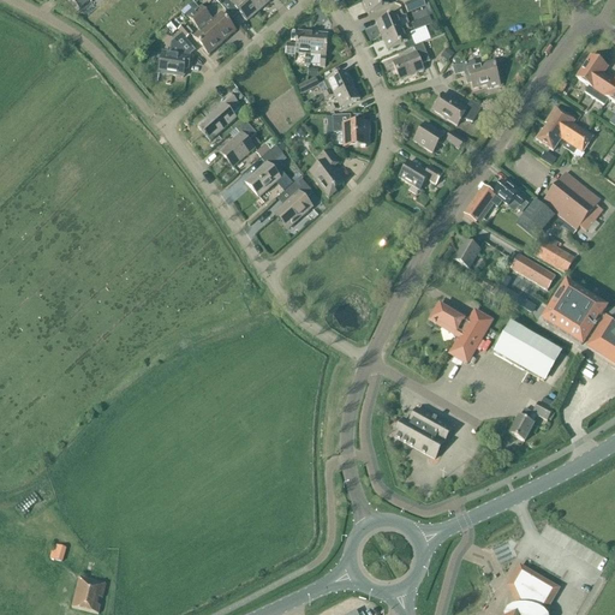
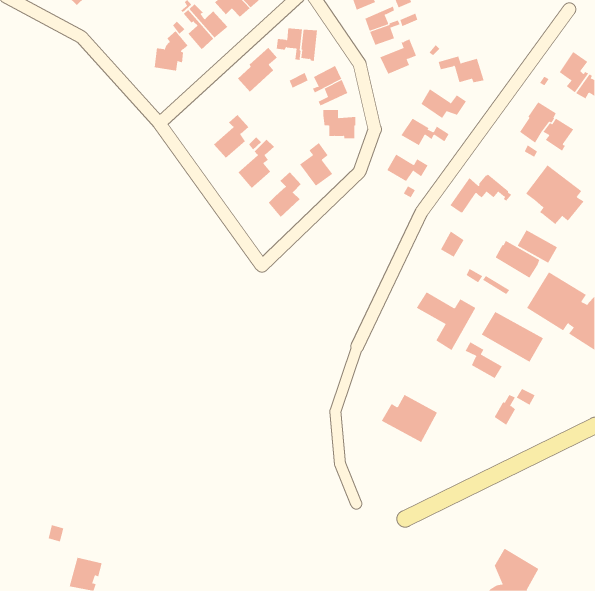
building: [197,91,239,138] -> [237,47,278,92]
building: [517,197,555,237] -> none
building: none -> [465,342,503,379]

